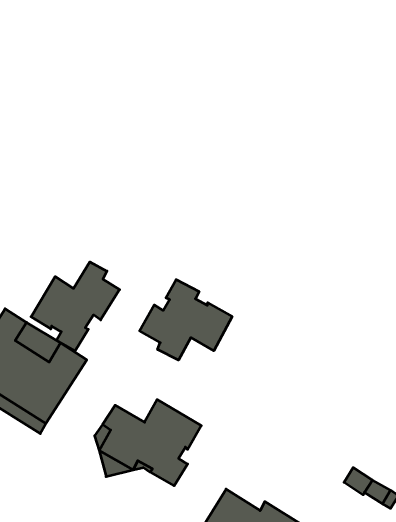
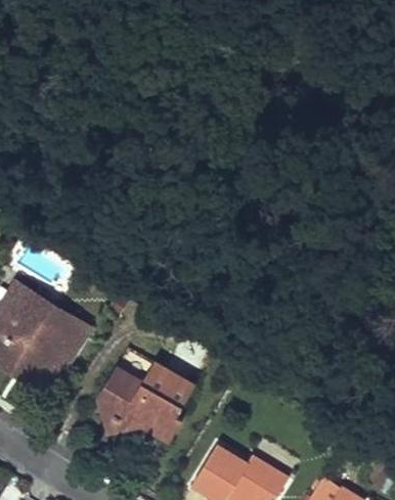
building: [31,262,120,351] -> none
building: [140,280,232,360] -> none

